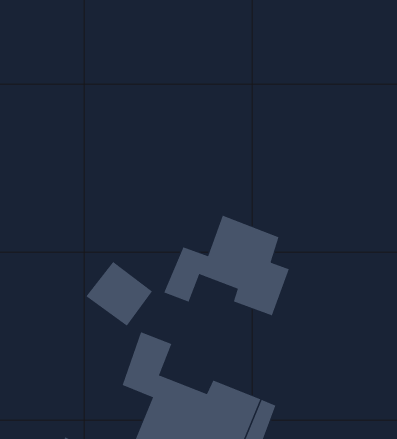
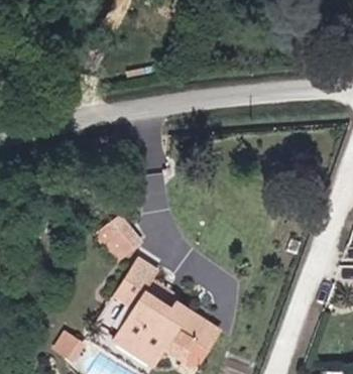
building: [163,215,290,316] -> none

